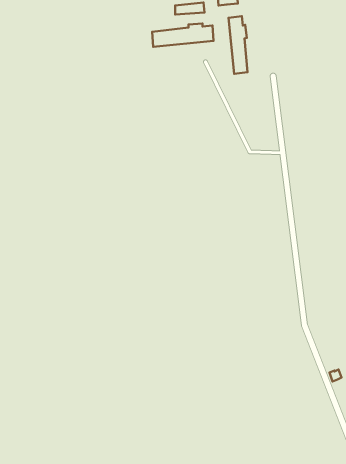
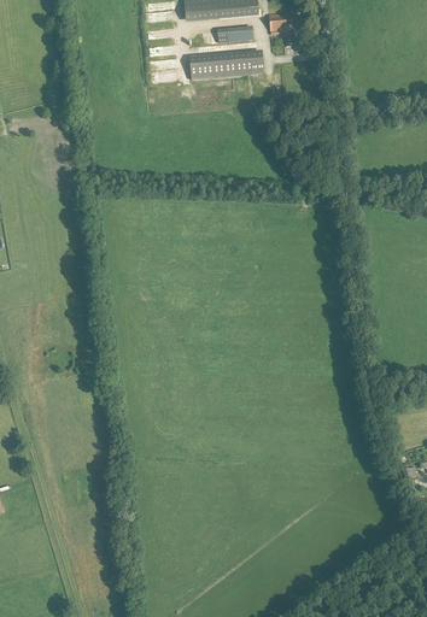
building: [229,16,247,74] -> none

